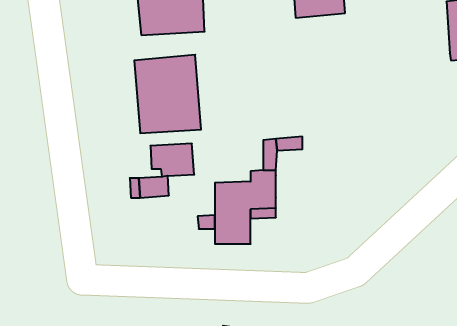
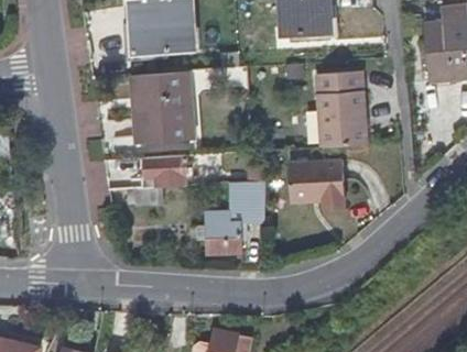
building: none -> [316,73,368,150]
building: none -> [289,162,346,207]

